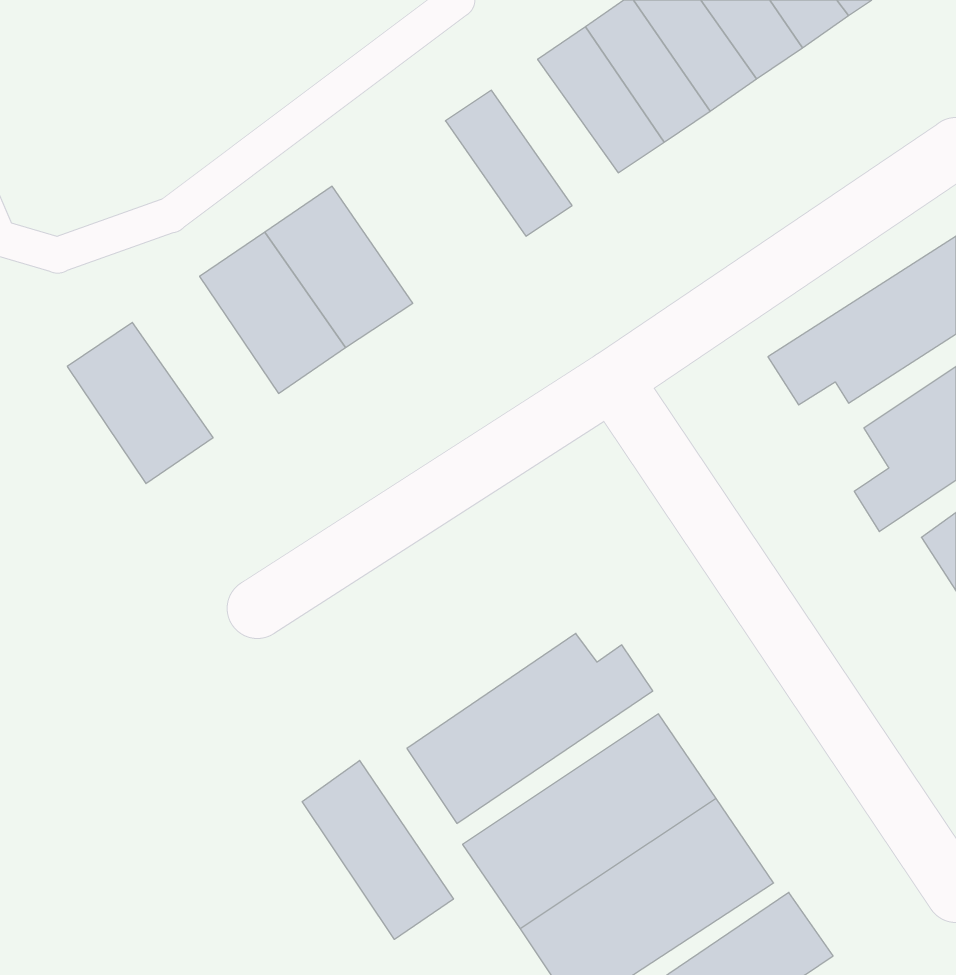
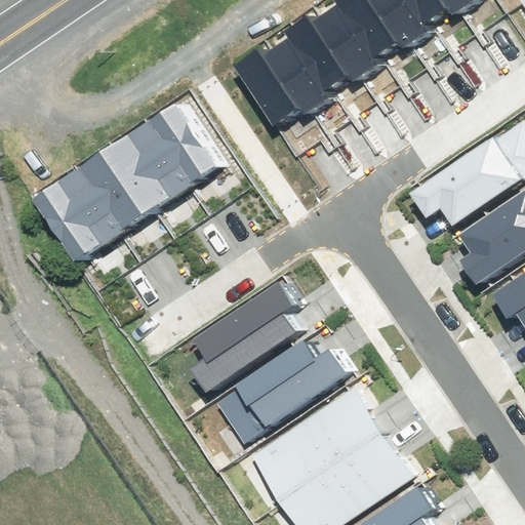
building: none -> [262,35,330,113]
building: none -> [71,151,149,237]
building: none -> [183,280,301,387]
building: [302,760,453,939] -> none

